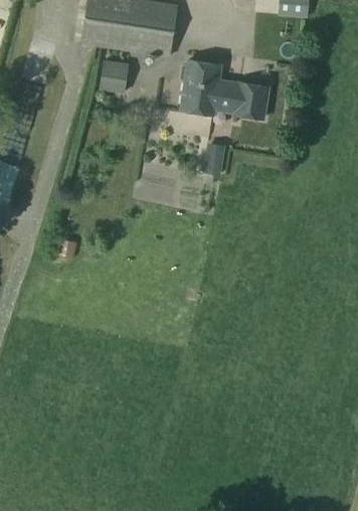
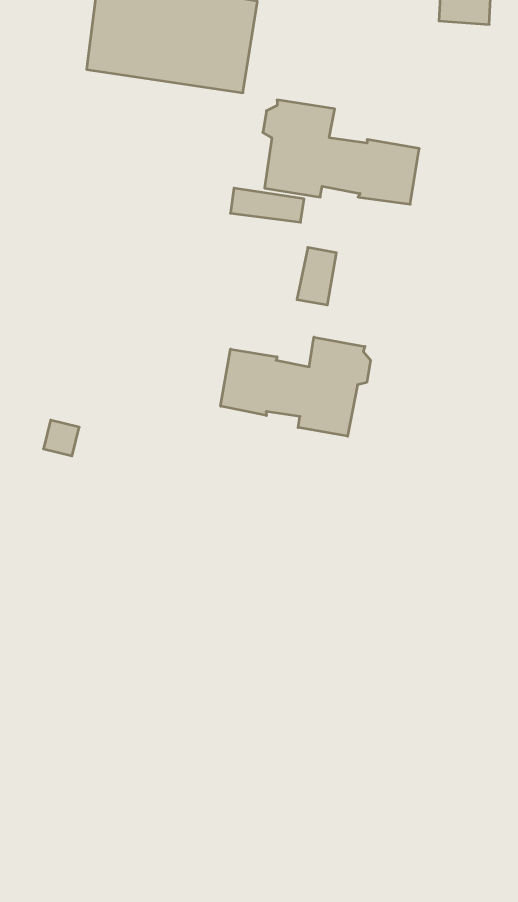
building: [101,59,129,93] -> none
building: none -> [221,337,371,436]

